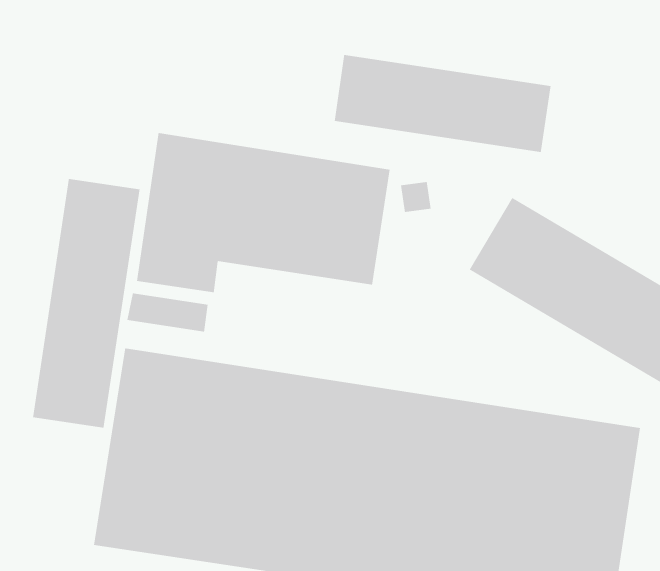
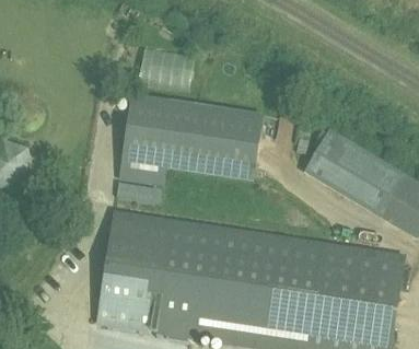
building: [334,54,551,153] -> none
building: [32,178,140,428] -> none

